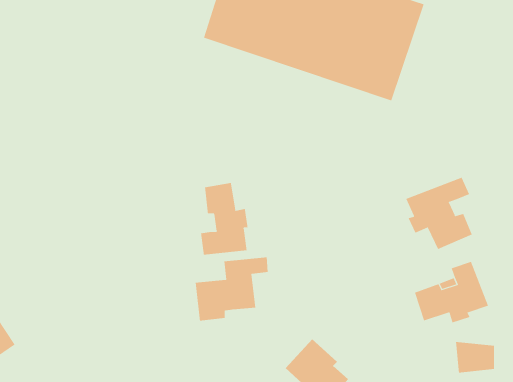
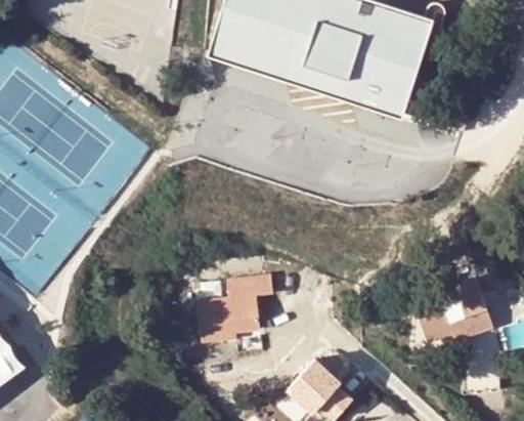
building: [406,177,472,250] -> none
building: [200,182,248,255] -> none

